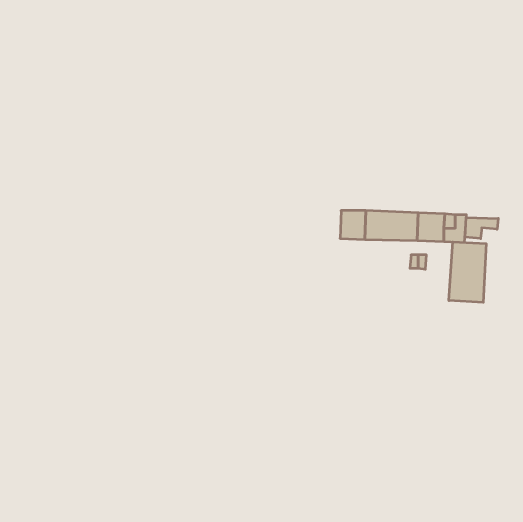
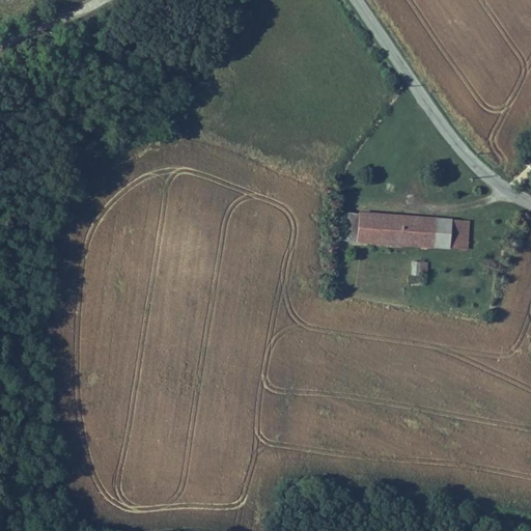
building: [465,218,498,239] -> none
building: [449,242,486,302] -> none

